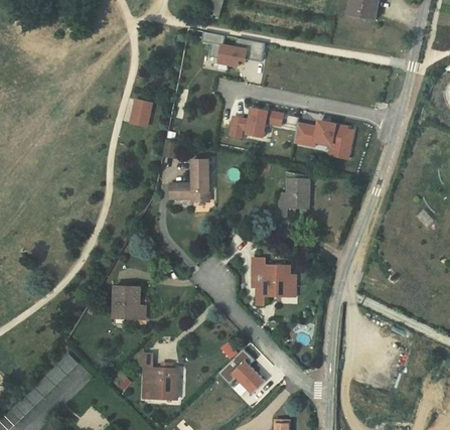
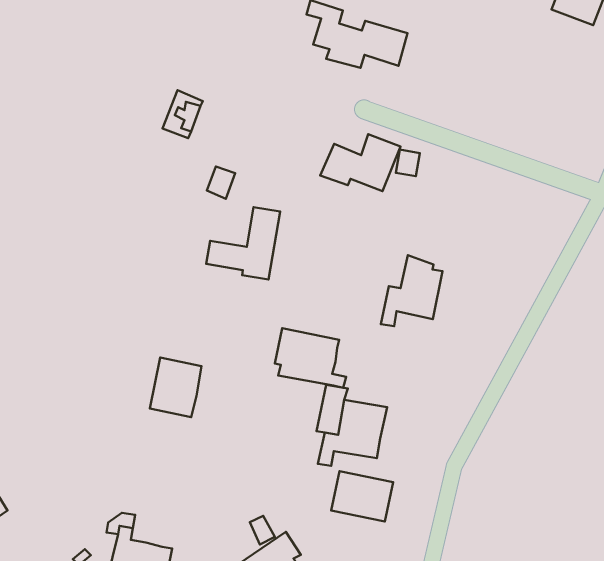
building: [294,120,356,160] -> none
building: none -> [275,328,346,388]
building: [113,286,139,318] -> [150,357,201,417]
building: none -> [331,471,393,521]

